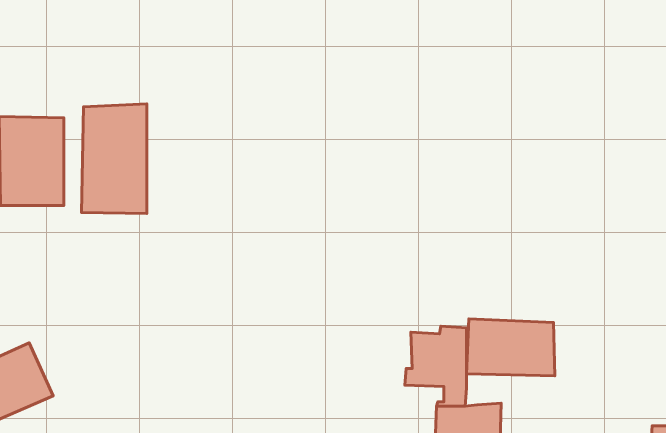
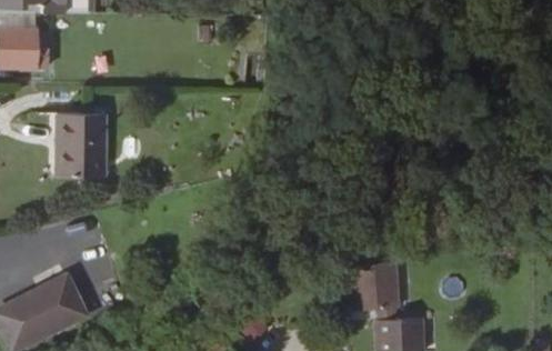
building: [82,104,147,214] -> none
building: [467,319,555,376] -> none

